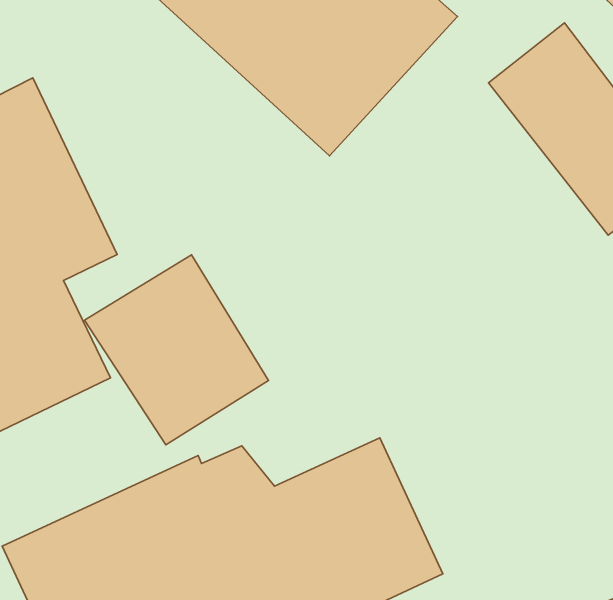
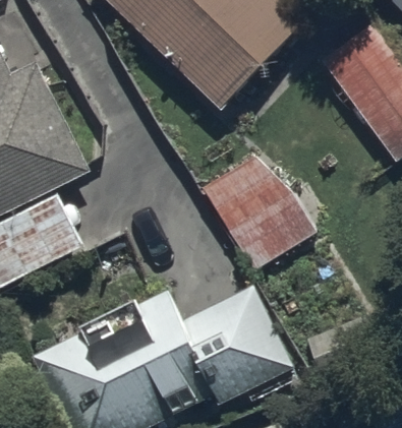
building: none -> [199,154,318,269]
building: [84,255,268,445] -> none

